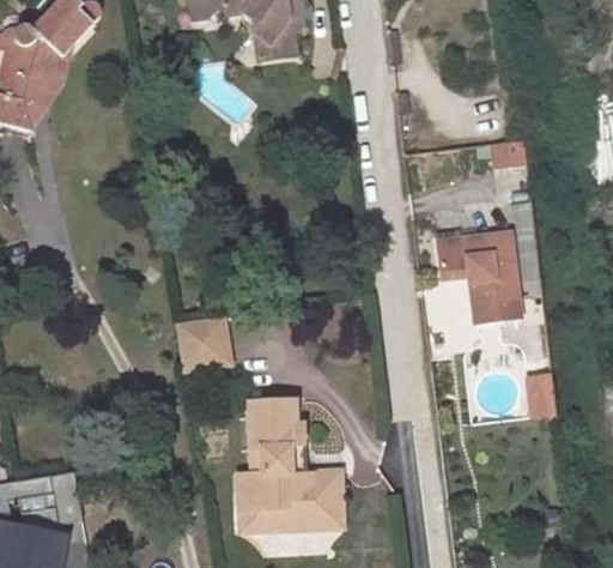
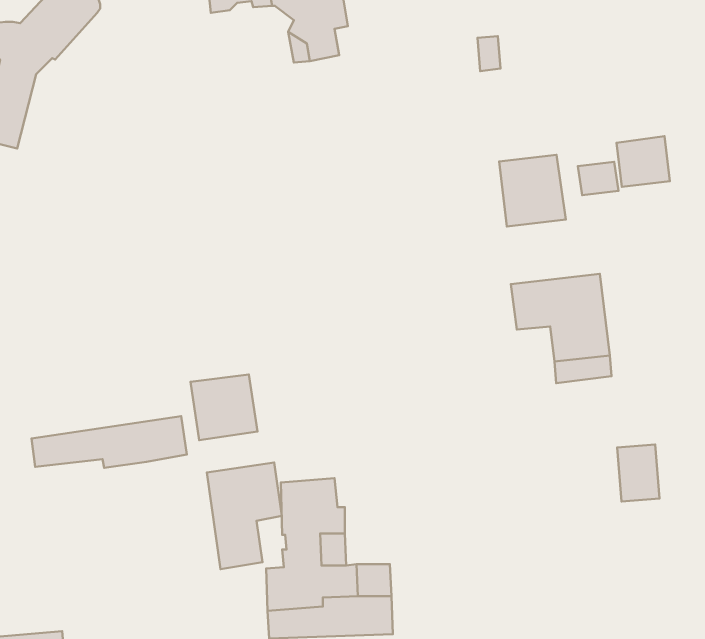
building: none -> [617,136,670,187]
building: none -> [499,155,566,226]
building: none -> [31,416,187,468]
building: none -> [207,462,282,569]

